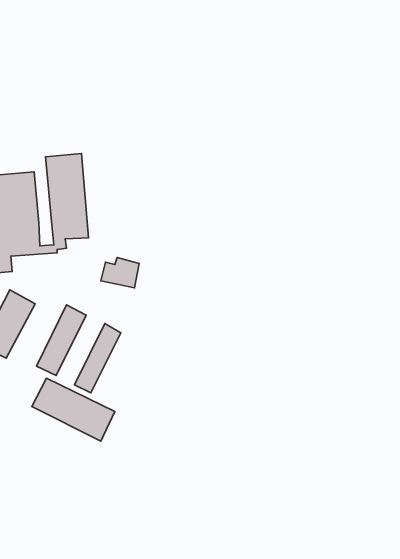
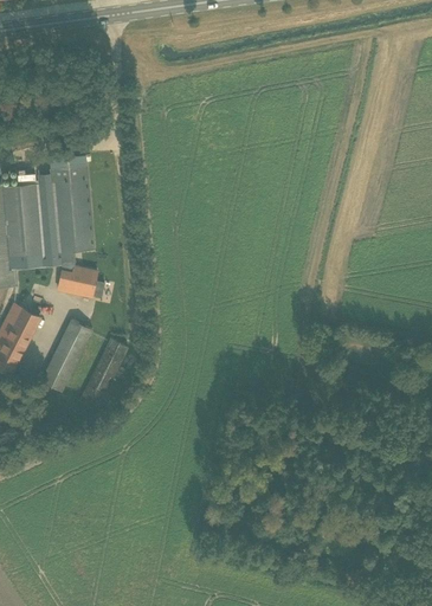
building: [101,258,139,288] -> [57,266,96,297]
building: [32,378,115,441] -> none

